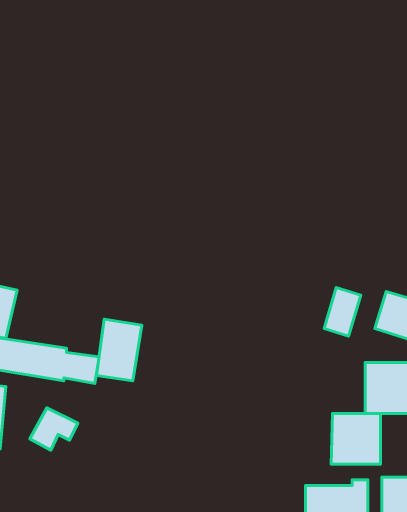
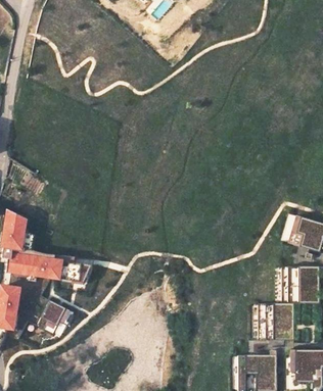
building: [324,288,361,336] -> none
building: [96,319,142,381] -> none

